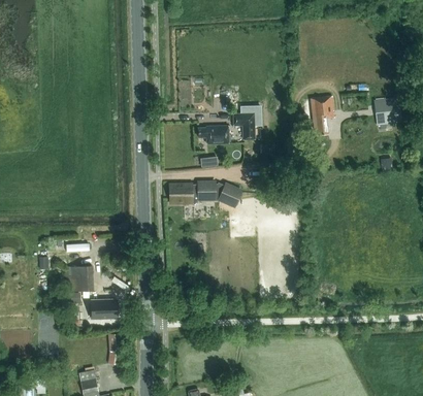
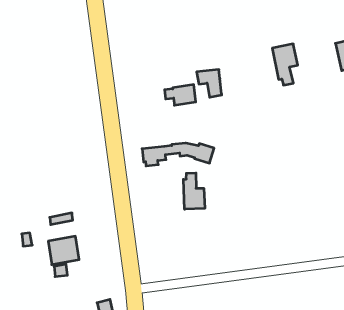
building: none -> [183,173,205,209]
building: [92,300,119,319] -> none

